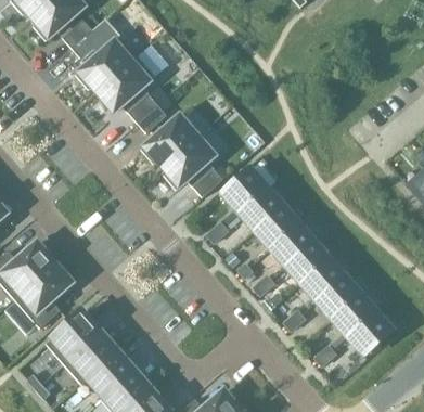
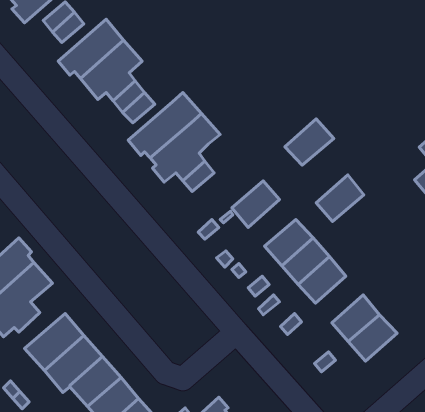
building: [222,168,268,211] -> [285,119,334,165]
building: [254,204,298,247] -> [316,175,364,221]
building: [317,275,361,319] -> none

